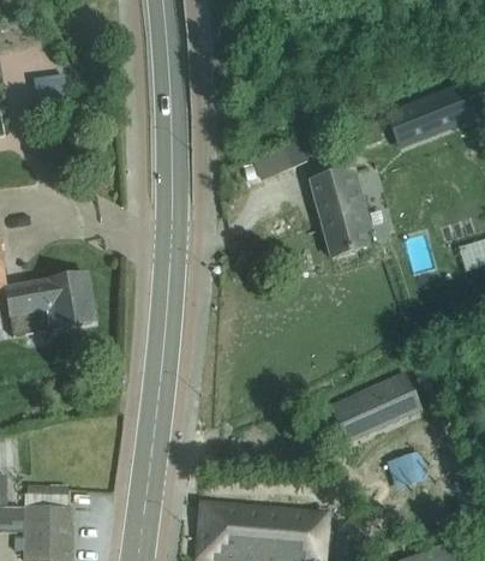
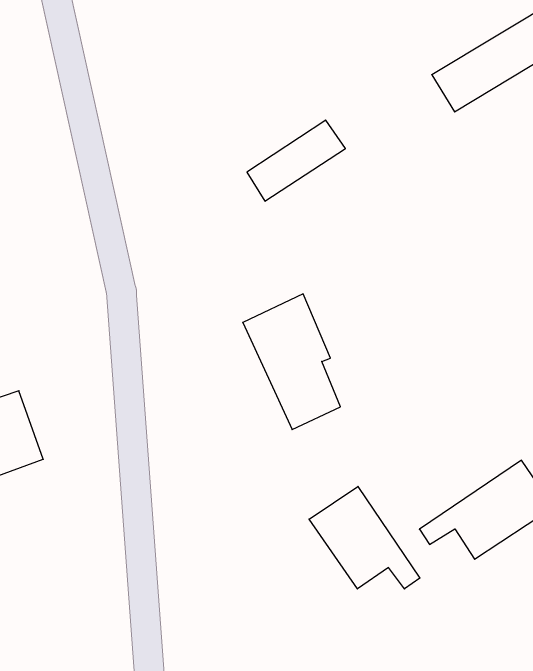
building: [311,169,365,256] -> [243,294,340,430]
building: none -> [309,486,420,589]

